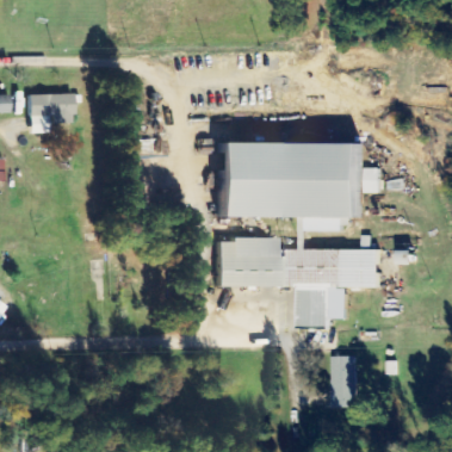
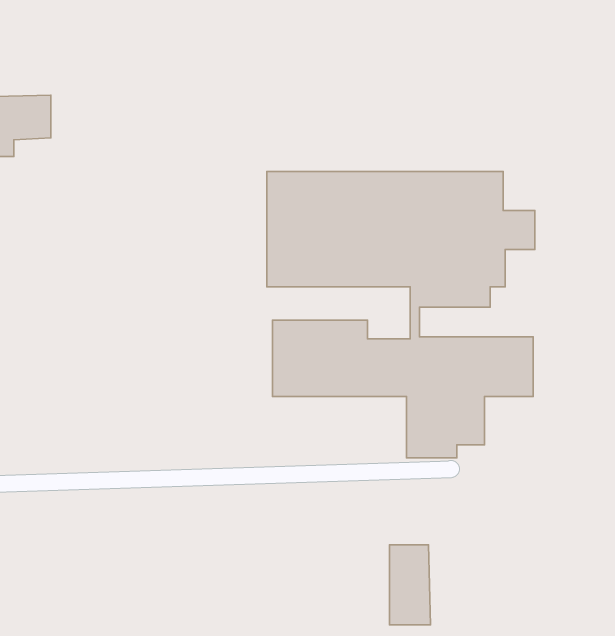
building: [335,355,361,407] -> [389,545,430,625]

